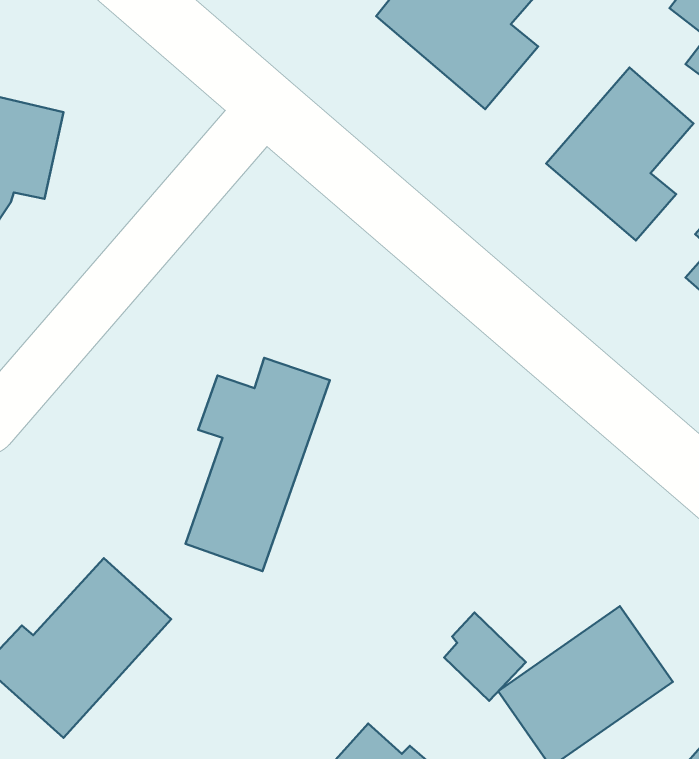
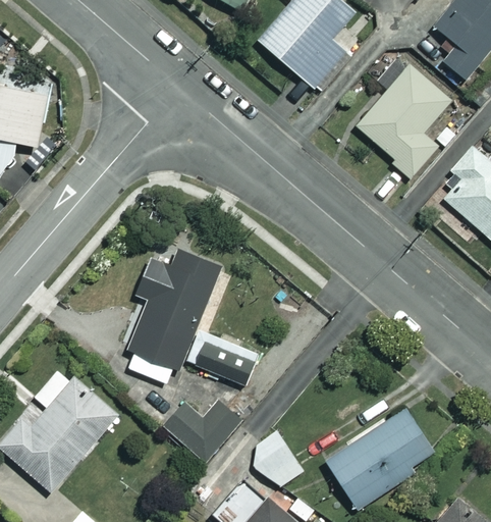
building: none -> [185,329,257,384]
building: none -> [164,402,241,463]
building: [444,612,526,701] -> [254,432,306,488]

